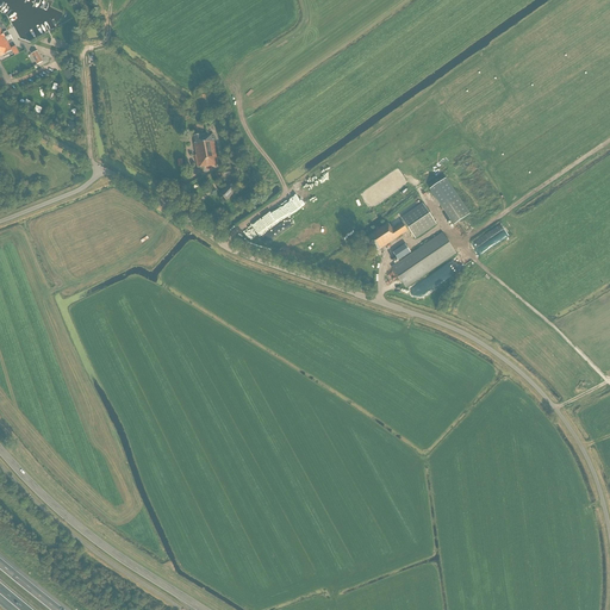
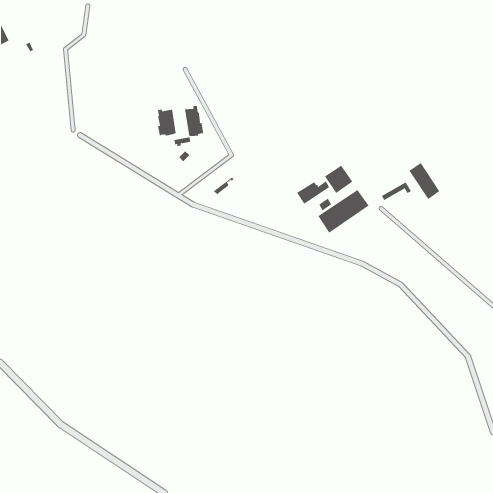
building: none -> [185,105,204,137]
building: [430,179,469,225] -> [408,162,440,200]

